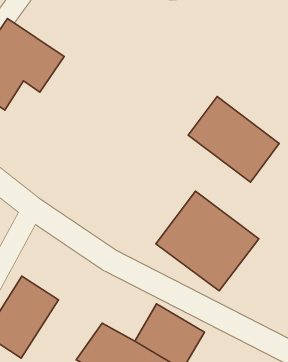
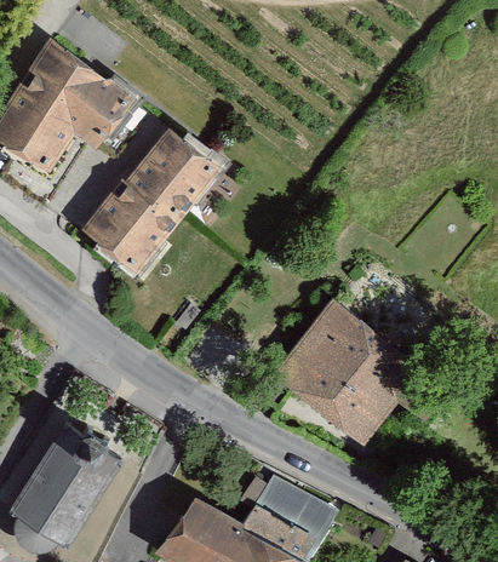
building: none -> [80,121,223,273]
building: [188,97,279,182] -> none

